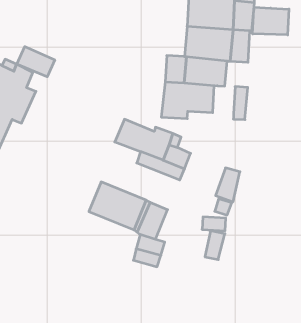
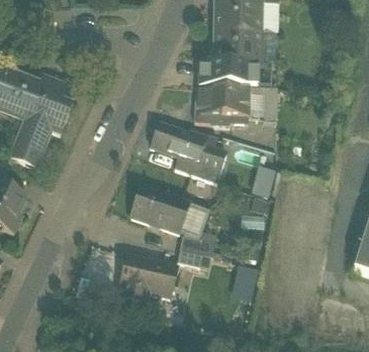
building: [253,7,289,35] -> none
building: [17,47,55,77] -> none
building: none -> [245,88,265,114]
building: none -> [117,255,177,300]
building: none -> [233,269,255,303]

